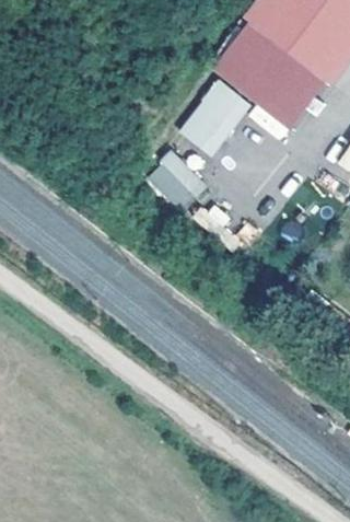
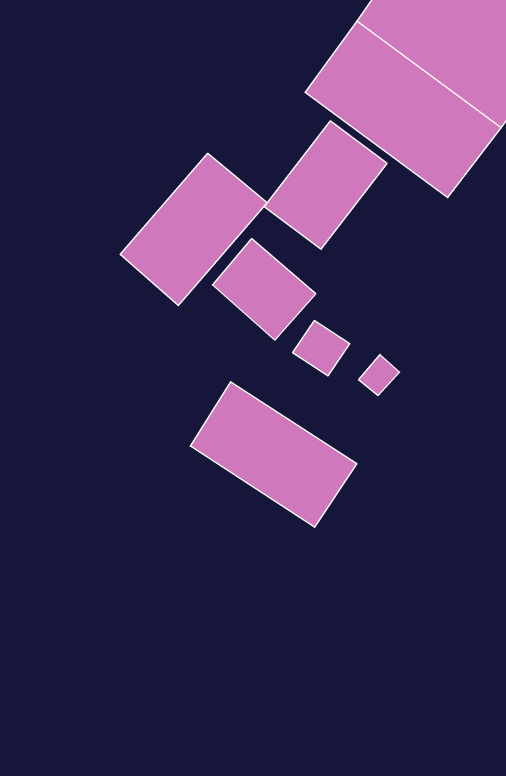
building: none -> [120,153,267,306]
building: none -> [190,382,357,527]

